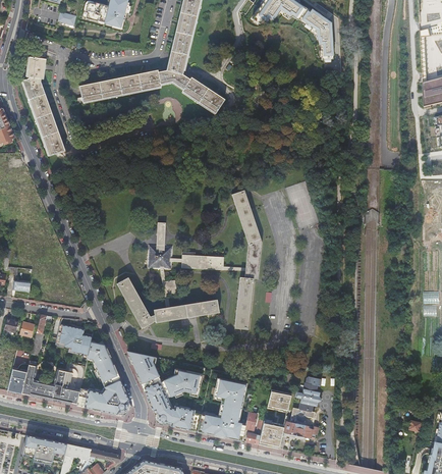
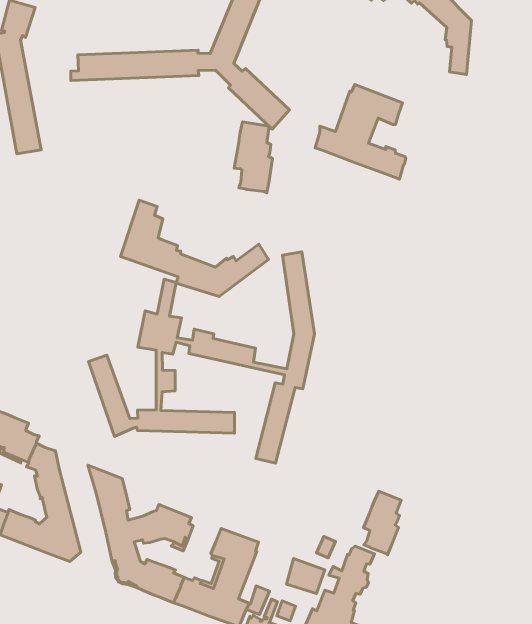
building: none -> [315,85,406,179]
building: none -> [234,122,273,193]
building: none -> [120,200,269,297]
building: none -> [363,491,401,555]

